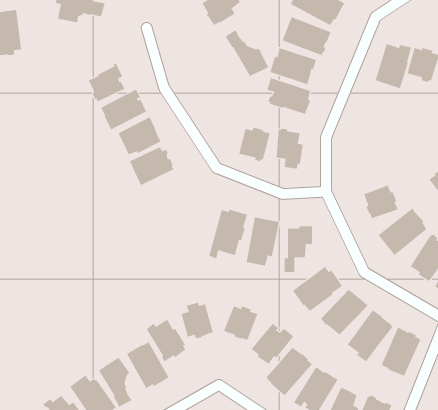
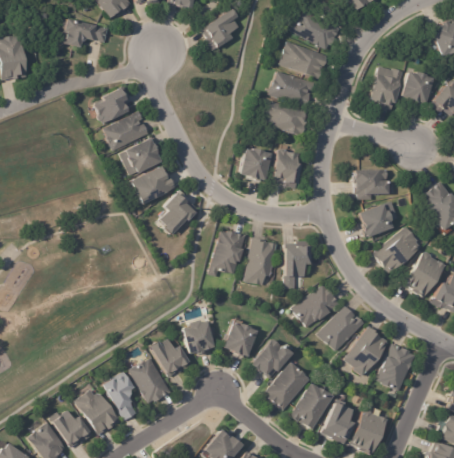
building: [225,29,269,77] -> none
building: none -> [354,170,395,200]
building: none -> [158,189,195,234]

